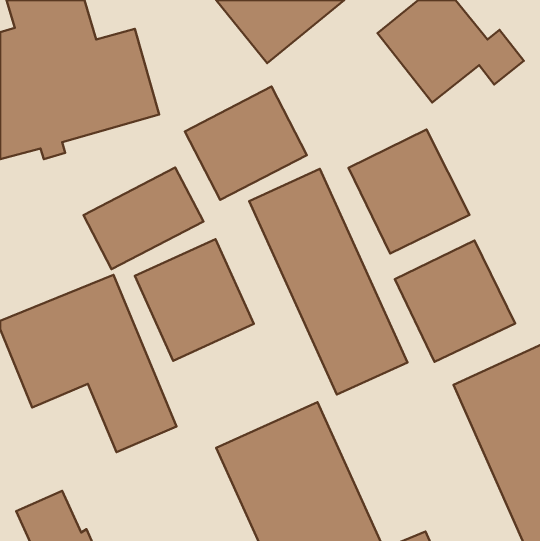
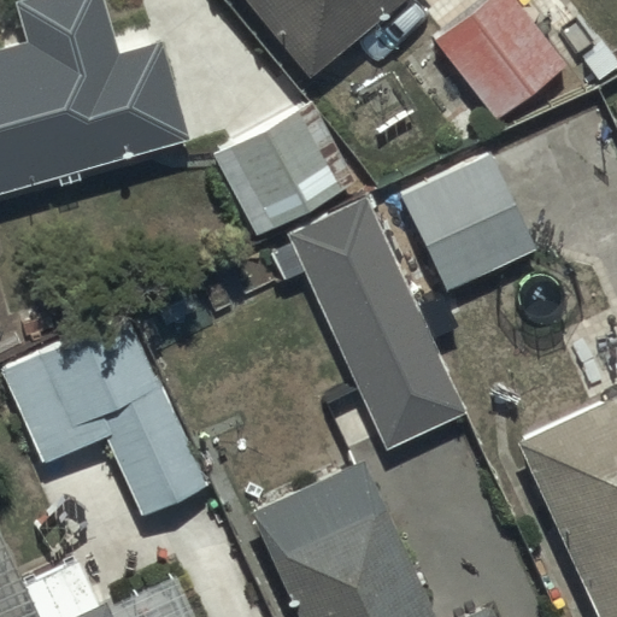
building: [83,167,203,269] -> none
building: [135,239,254,361] -> none
building: [395,240,515,362] -> none

